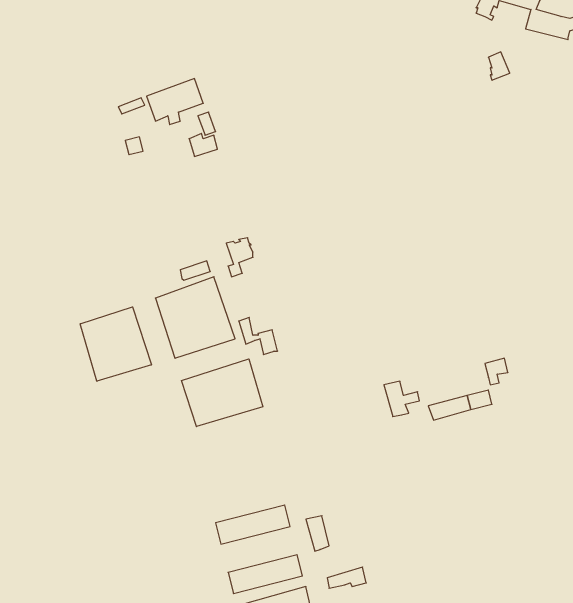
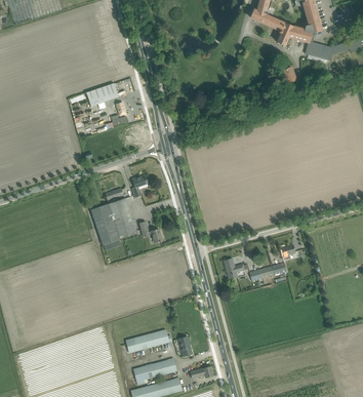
building: [80,307,151,381] -> none
building: [182,359,263,427] -> none

